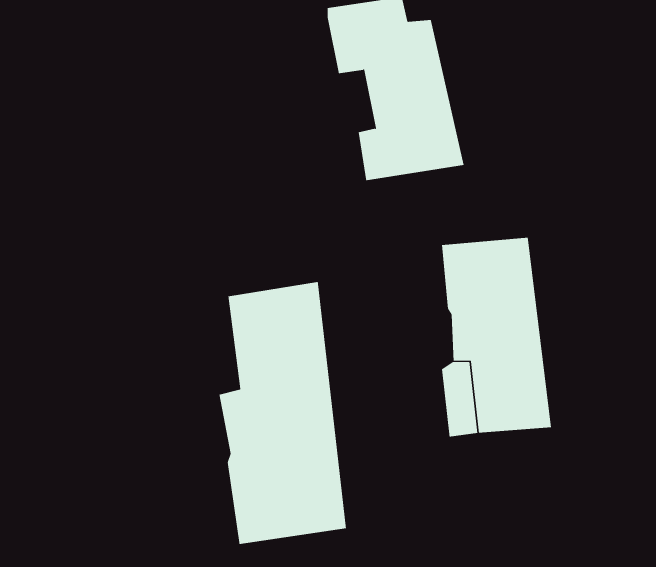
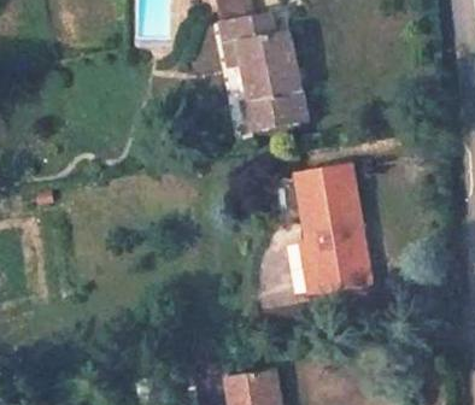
building: [219,281,347,545] -> none

